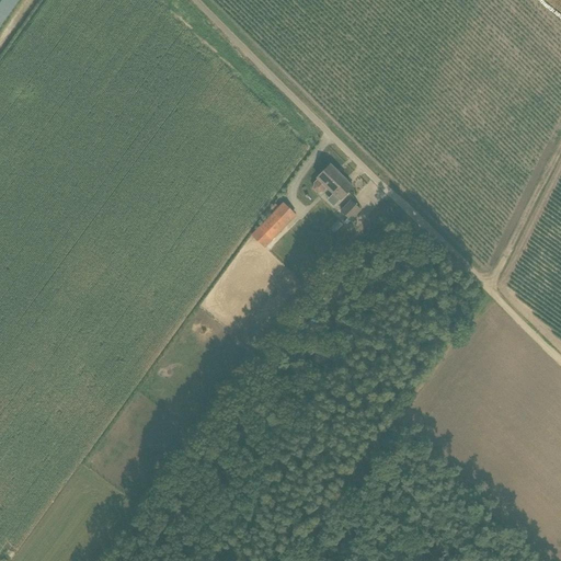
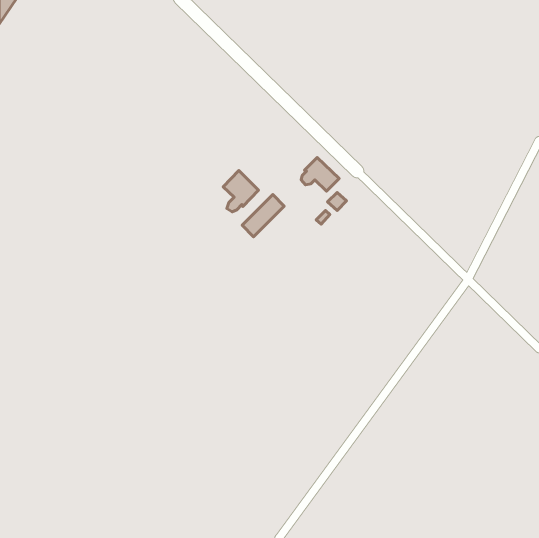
building: none -> [223,171,258,212]

